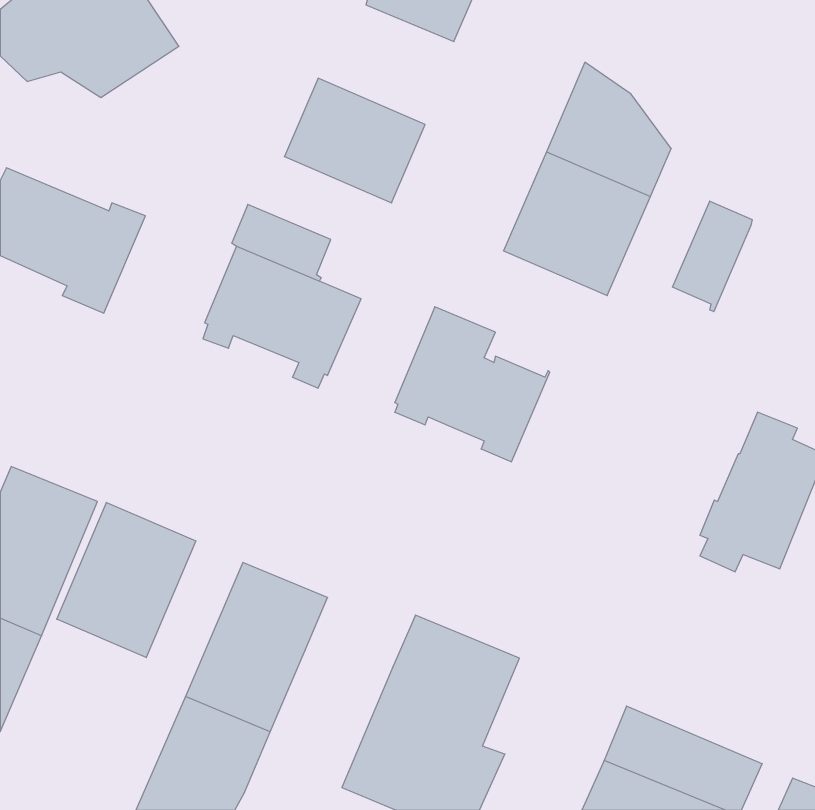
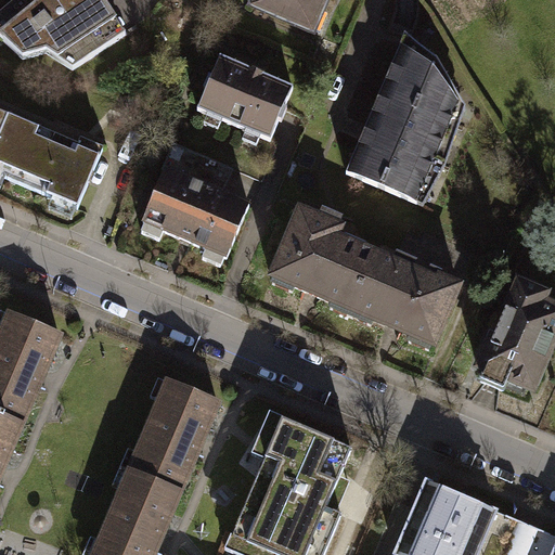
building: [673,201,752,312] -> none
building: none -> [348,253,455,347]
building: [57,502,196,658] -> none

